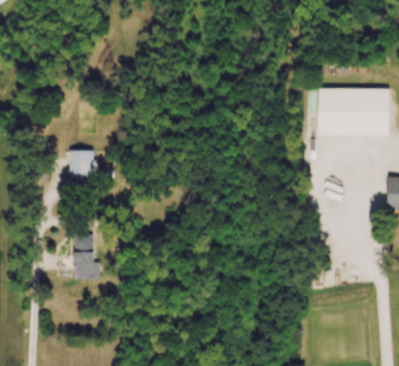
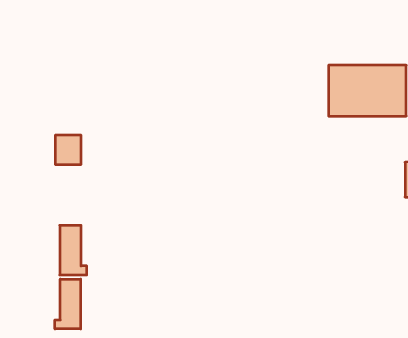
building: none -> [55,279,81,329]

